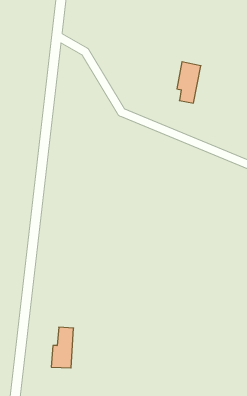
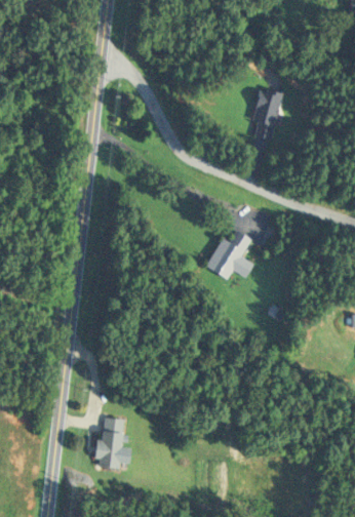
building: none -> [206,231,252,280]

